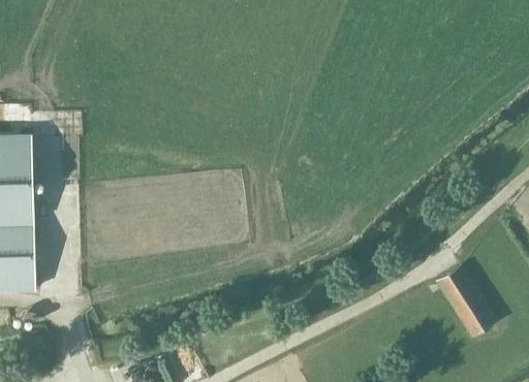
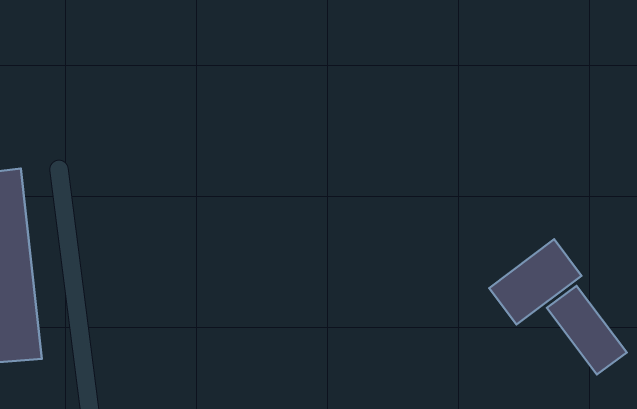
building: none -> [489,239,582,325]

